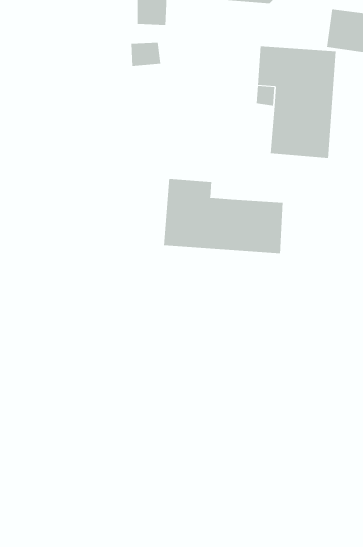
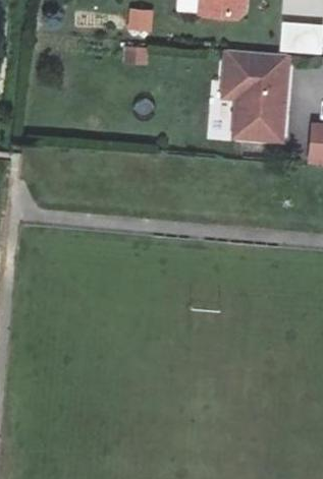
building: [164,178,283,254] -> none

